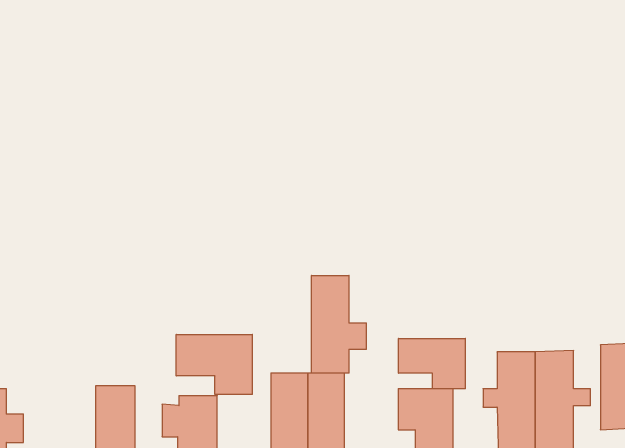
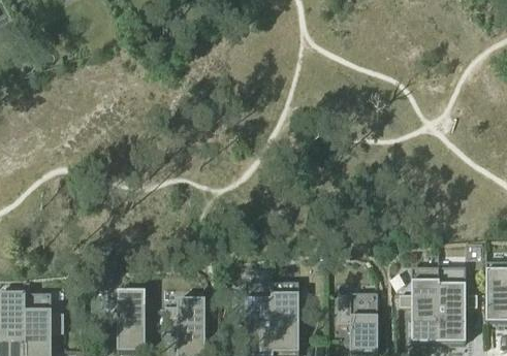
building: [312,275,366,373] -> none
building: [176,334,252,394] -> none
building: [399,338,465,389] -> none

